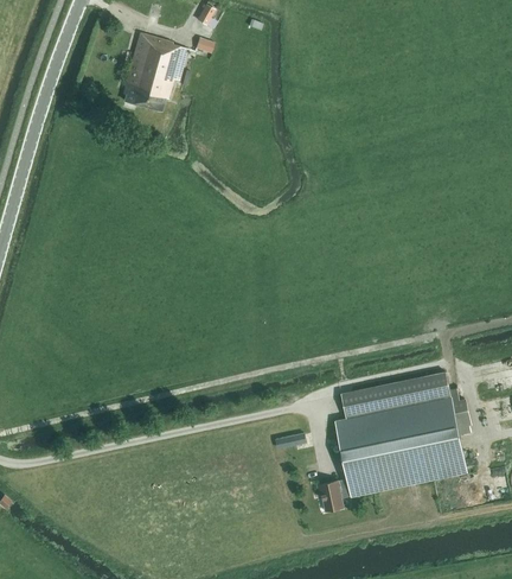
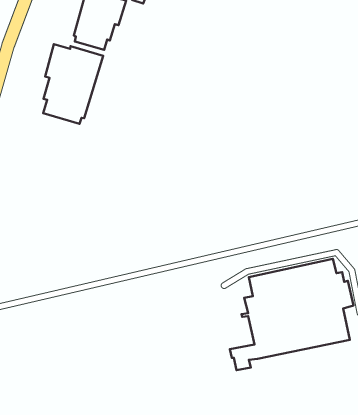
building: none -> [43,44,103,124]

